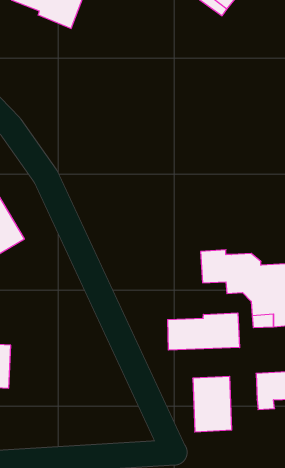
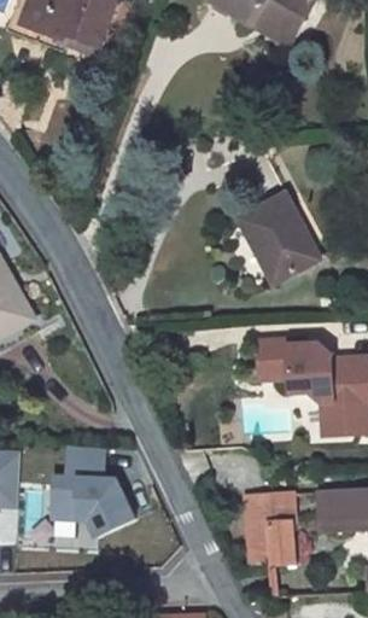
building: none -> [235,191,315,278]
building: [168,313,240,350] -> none
building: none -> [52,444,134,536]

